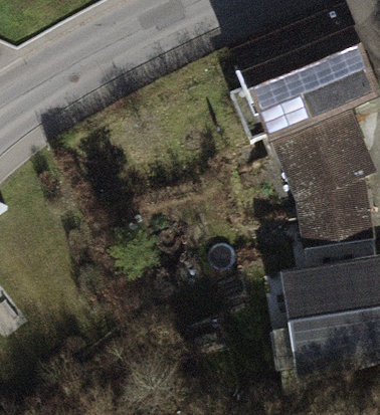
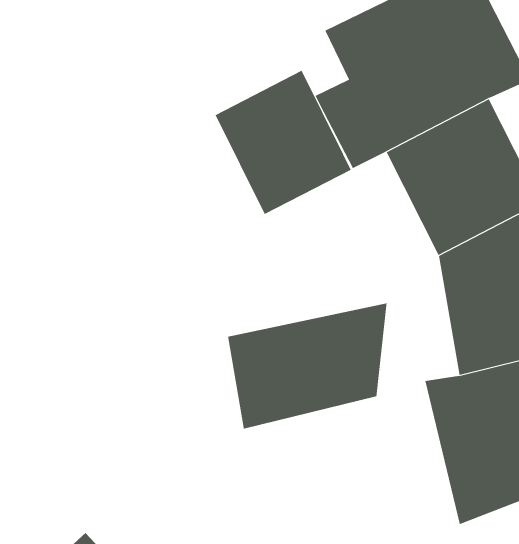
building: none -> [215,70,352,215]
building: none -> [228,302,387,429]

